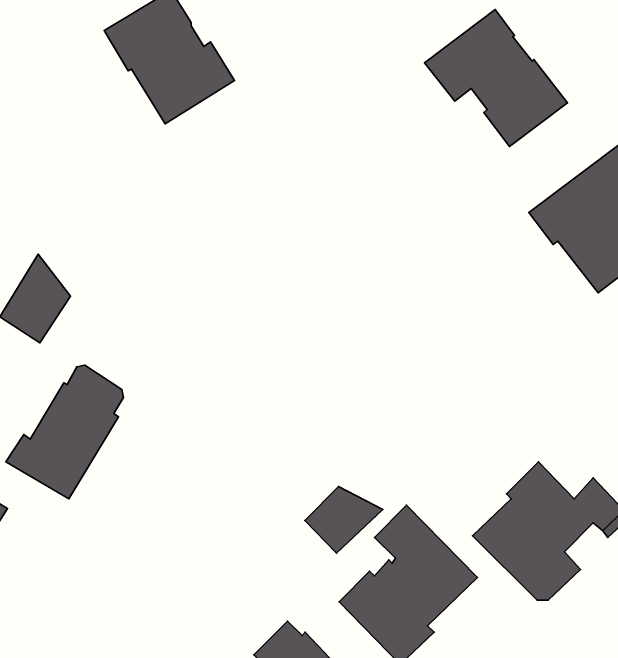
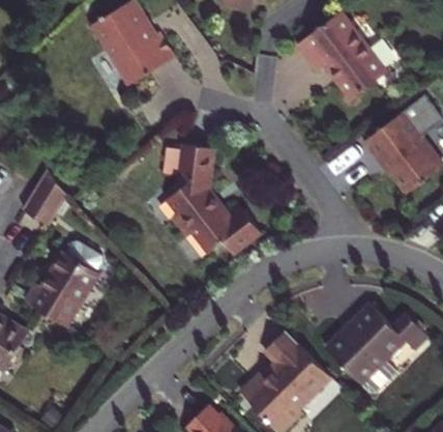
building: none -> [167,143,260,254]
building: [305,486,383,553] -> none

